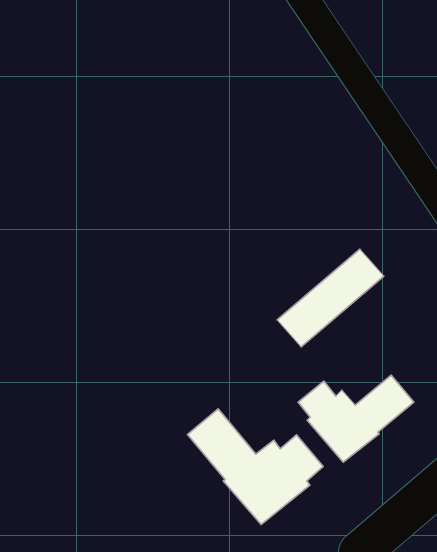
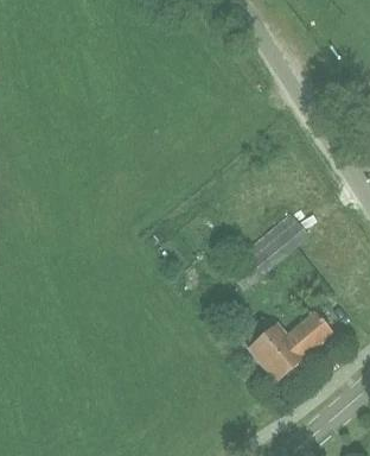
building: [188,409,323,524] -> none

